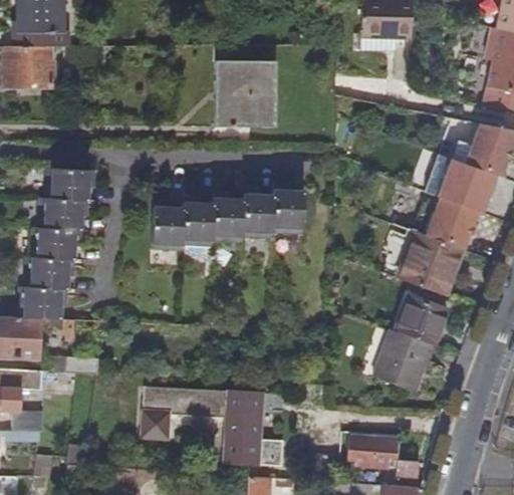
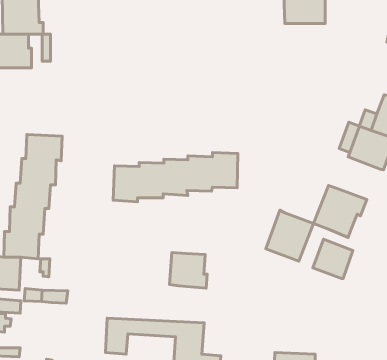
building: [215,61,275,126] -> none
building: [428,196,479,248] -> none
building: none -> [170,252,207,288]
building: [373,327,432,390] -> [266,210,314,261]

